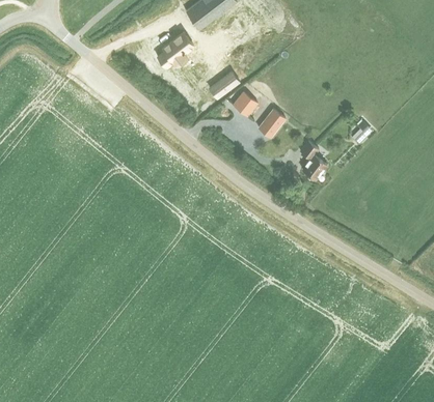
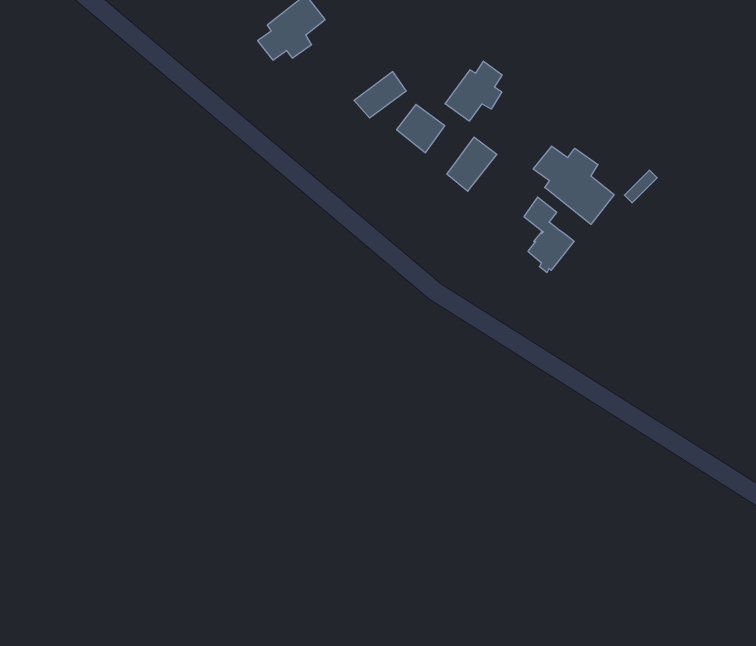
building: none -> [445,61,502,121]
building: none -> [533,146,614,224]

